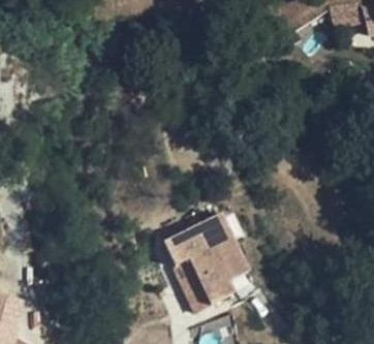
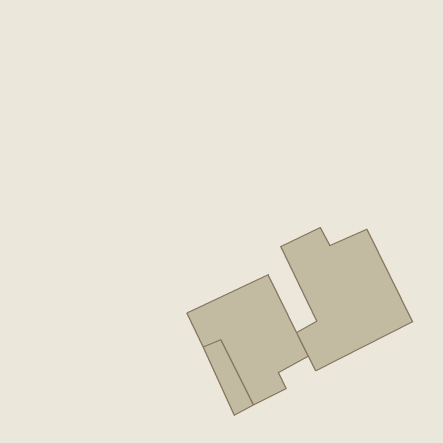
building: none -> [281,228,412,371]

